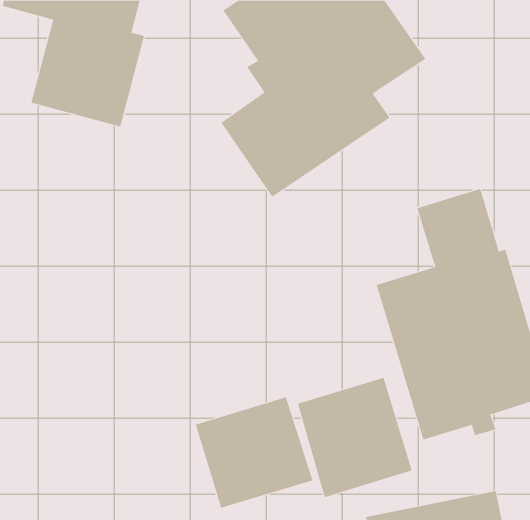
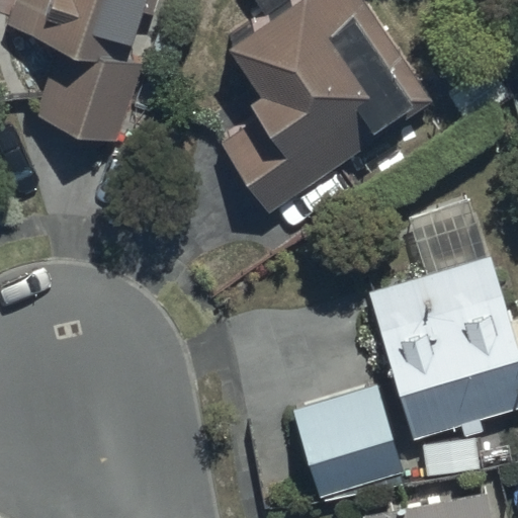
building: [195,397,313,509] -> none

